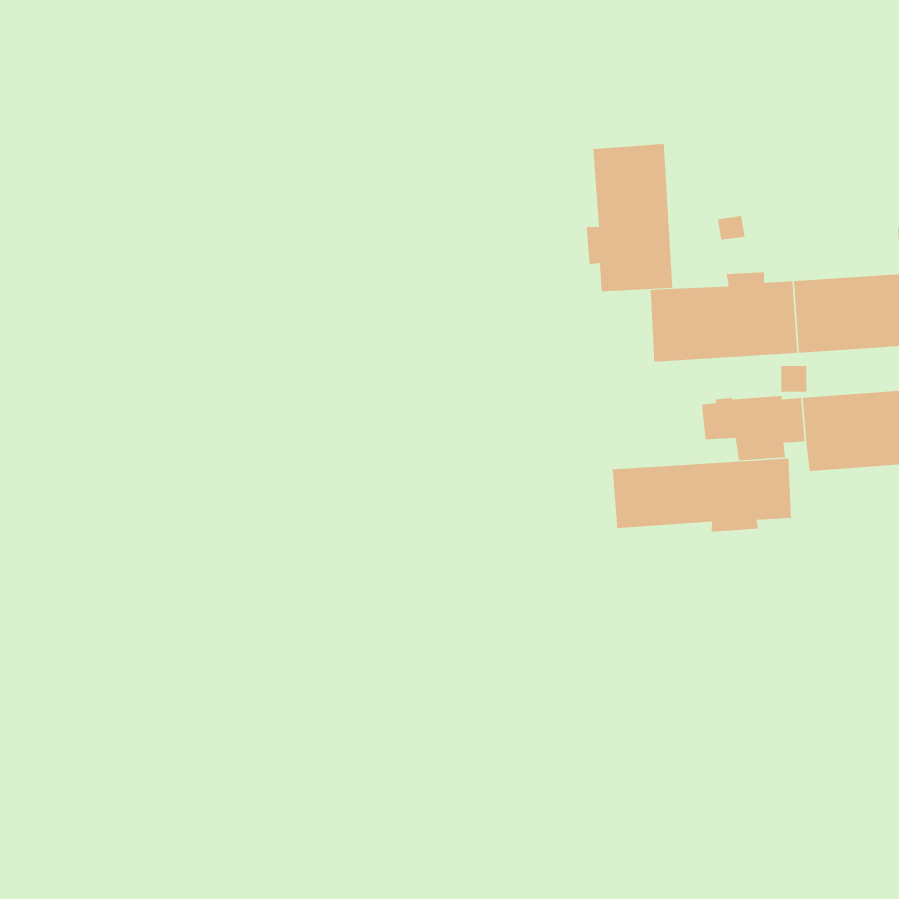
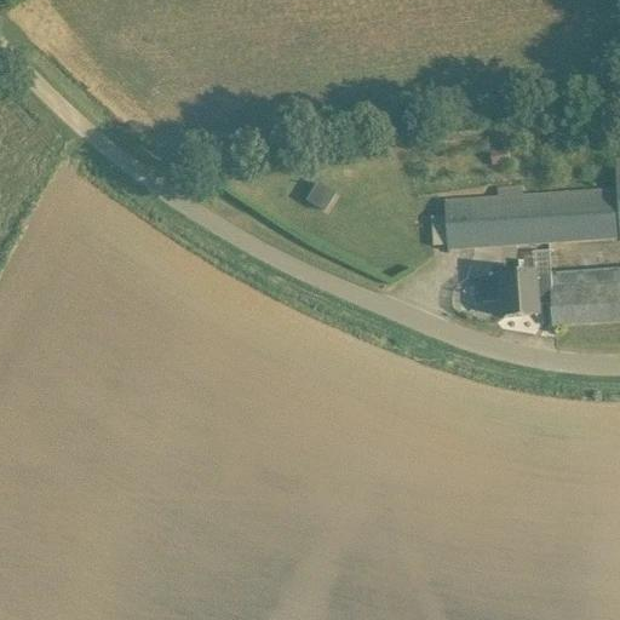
building: [586,143,673,292] -> none
building: [612,458,792,533] -> none

